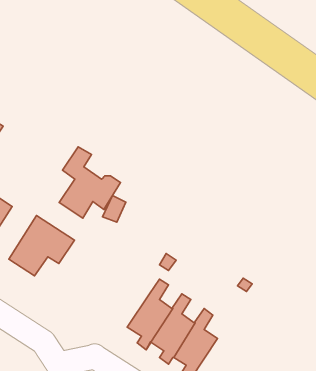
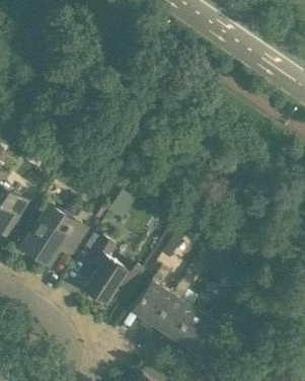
building: [59,147,121,218] -> [86,237,142,302]

